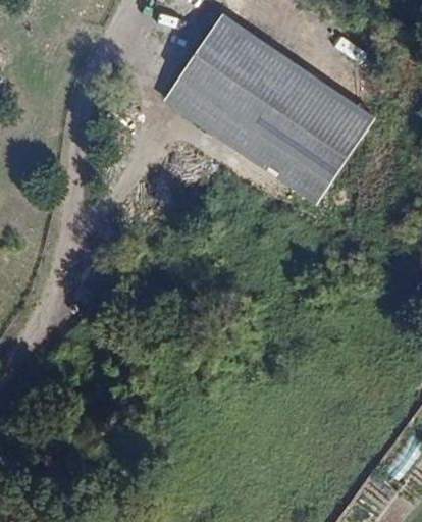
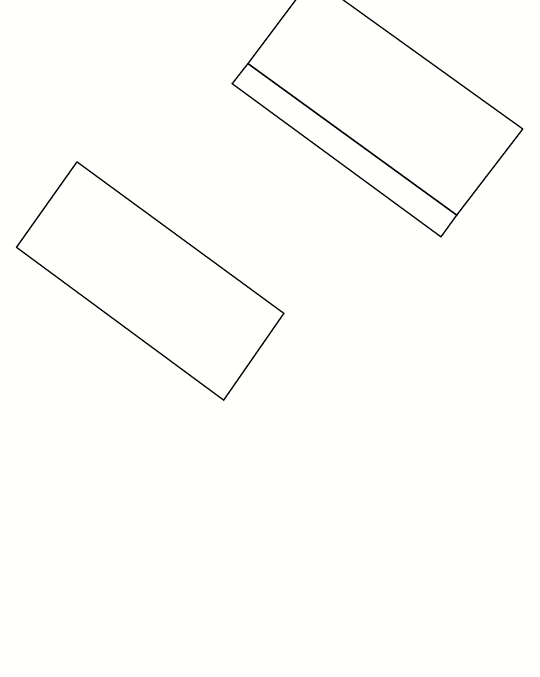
building: none -> [17,162,284,400]

